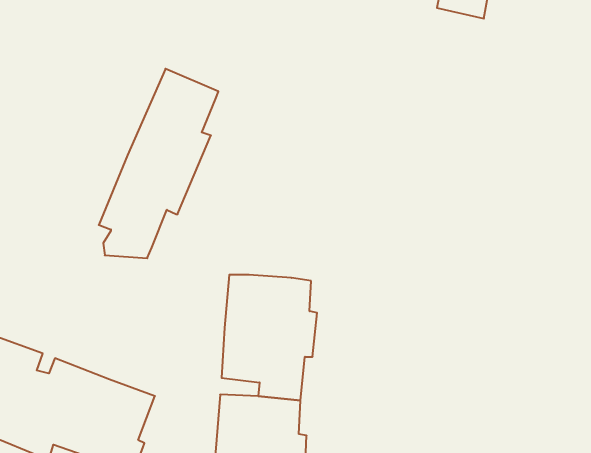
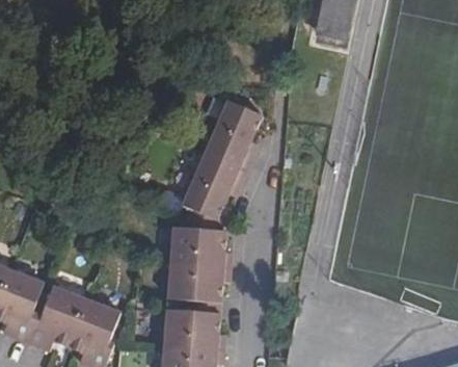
building: [99,69,218,258] -> [180,98,262,228]

